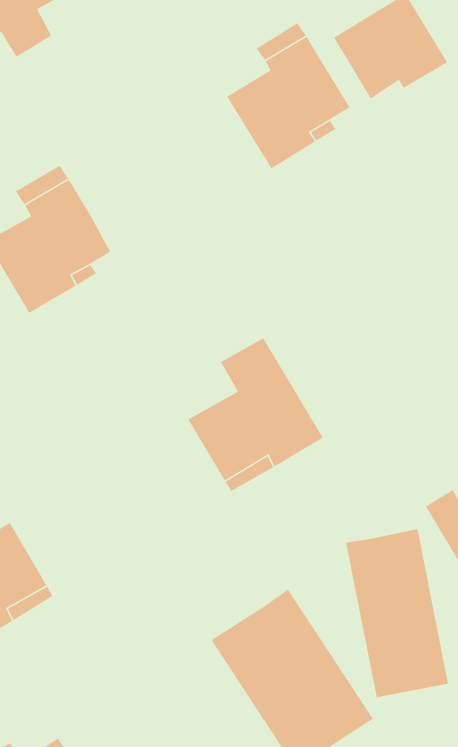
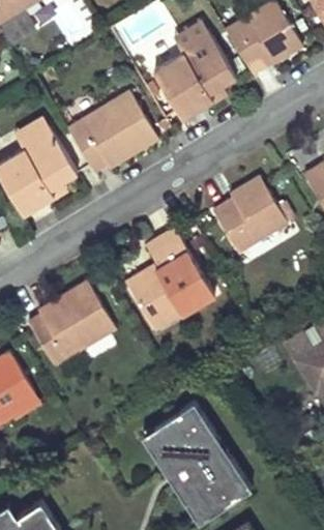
building: none -> [65,90,158,173]
building: none -> [212,178,289,256]
building: none -> [27,282,116,369]
building: [345,528,449,698] -> none

